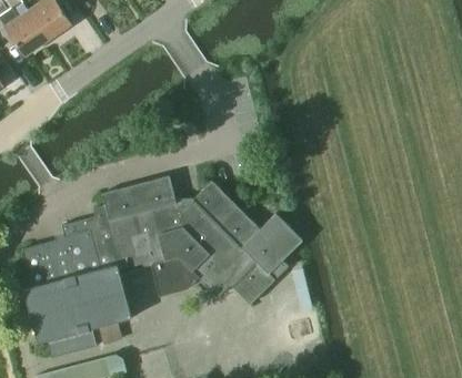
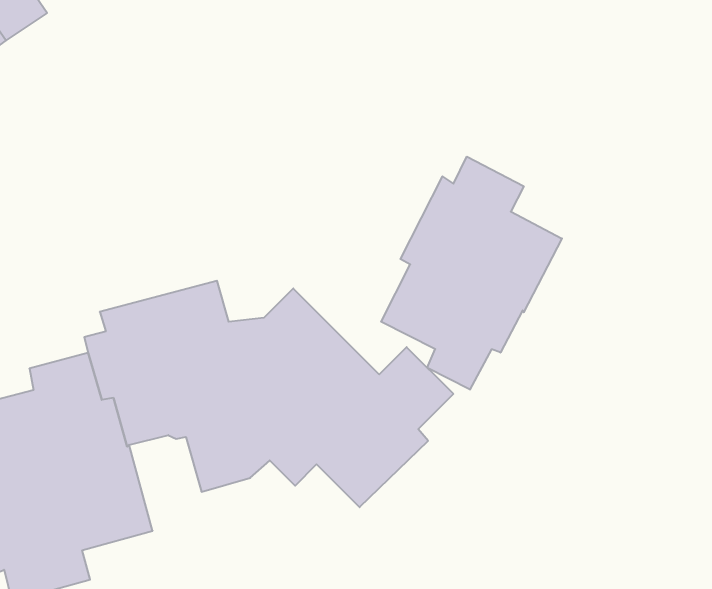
building: none -> [381,157,562,390]

